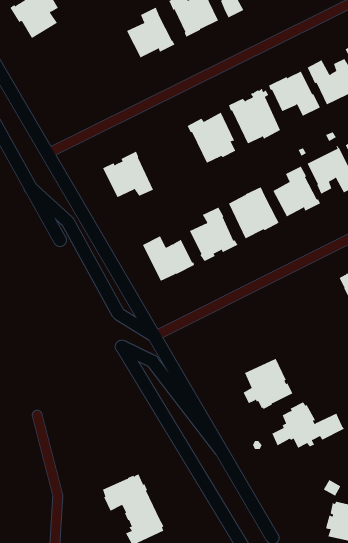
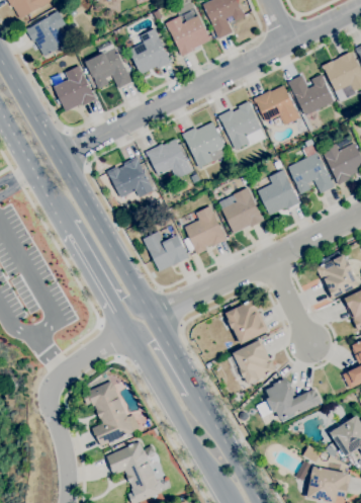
building: none -> [86,48,132,89]
building: none -> [54,65,97,111]
building: none -> [146,139,200,182]
building: none -> [225,300,268,344]
building: none -> [82,381,140,446]

